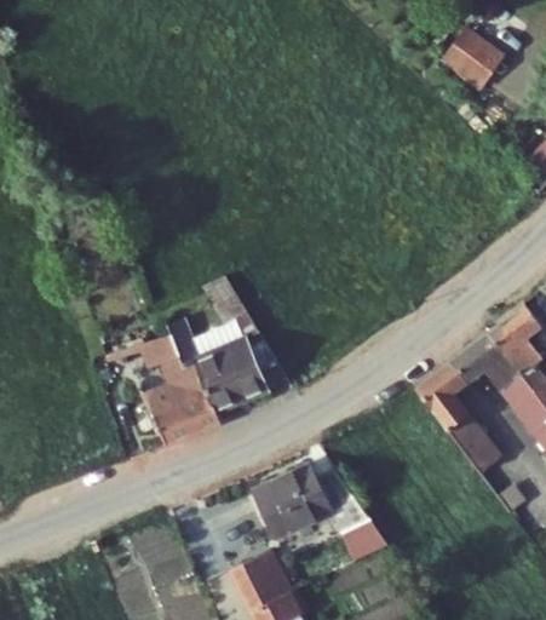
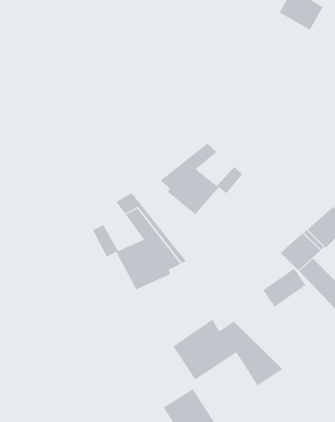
building: none -> [160,143,243,215]
building: [139,331,215,443] -> none
building: none -> [262,268,306,307]

